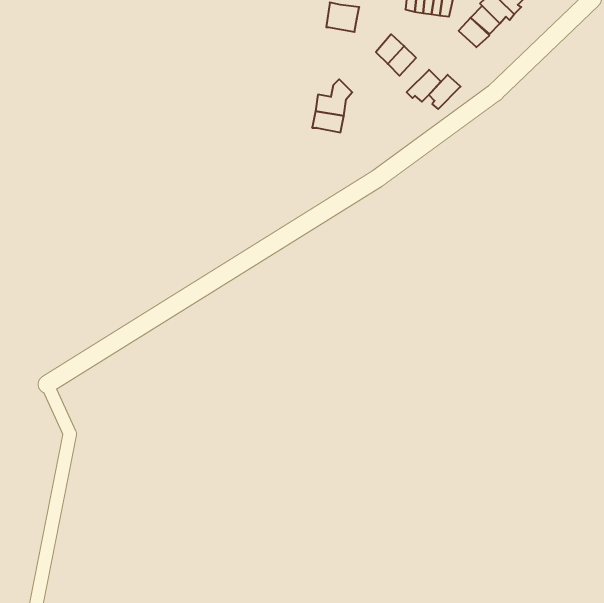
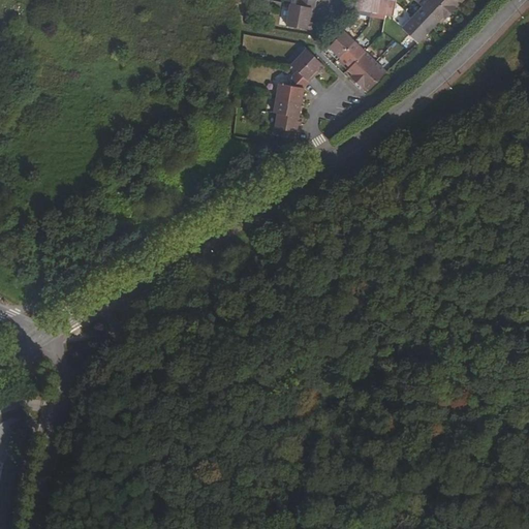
building: none -> [290,48,323,81]
building: [429,75,461,109] -> [347,51,375,81]
building: none -> [275,112,302,138]

